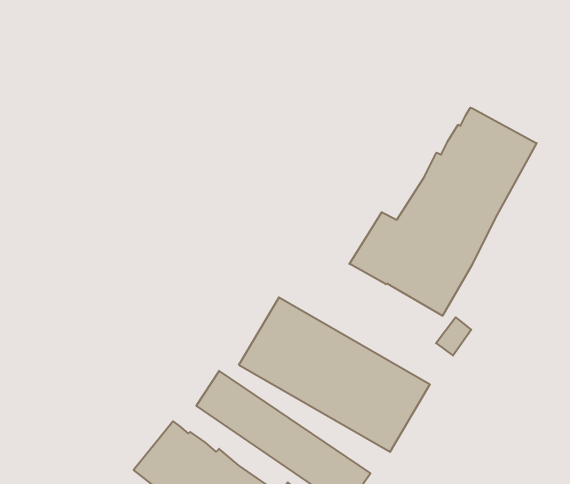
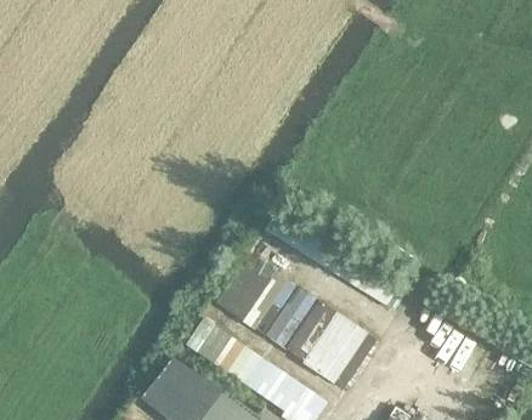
building: [349,108,537,316] -> none

